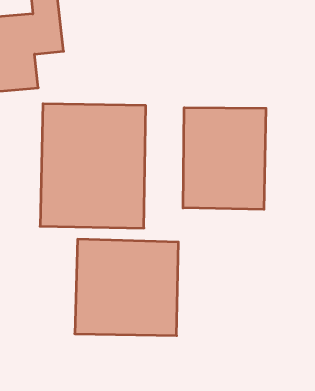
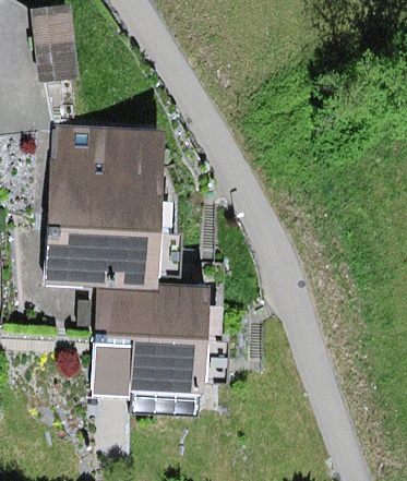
building: [183,108,266,209] -> none

